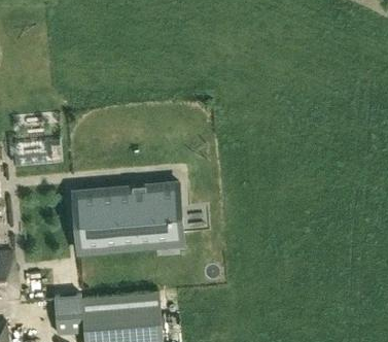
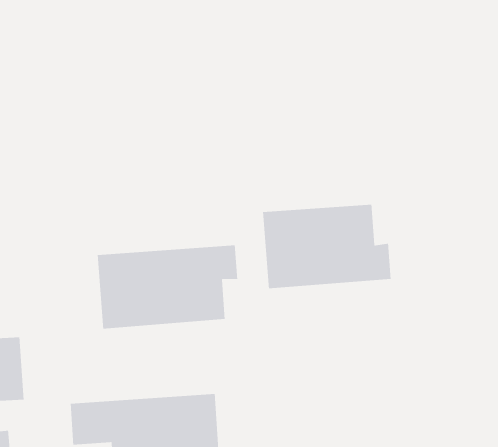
building: none -> [262,204,392,289]

